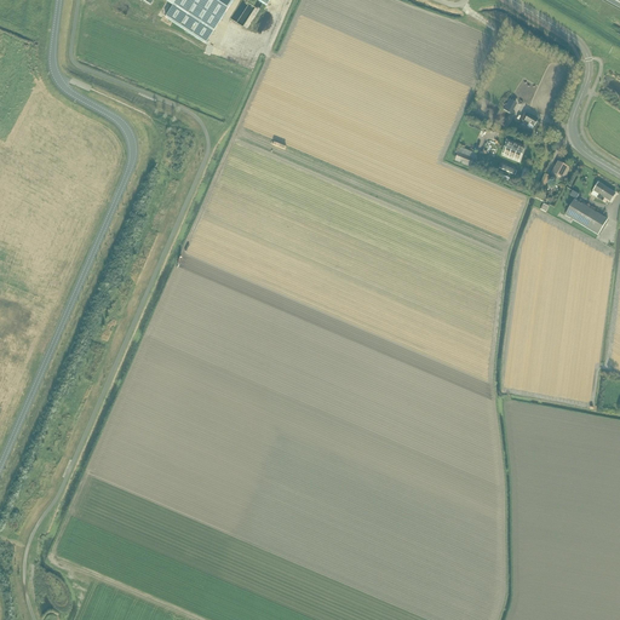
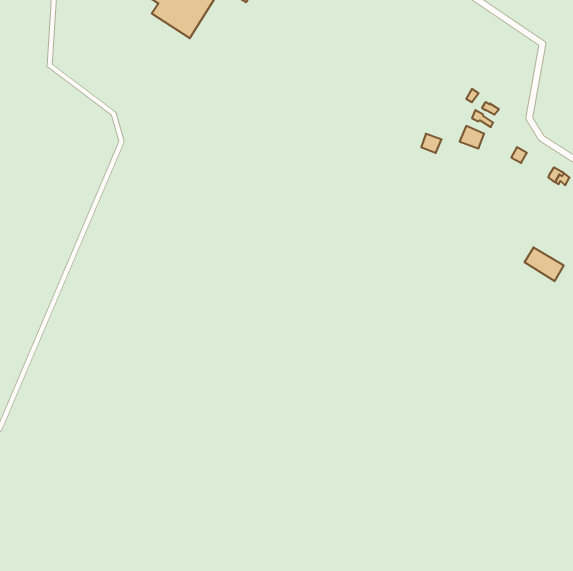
building: [564,196,607,232] -> [524,247,564,281]

